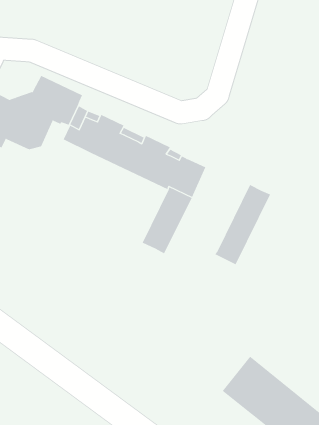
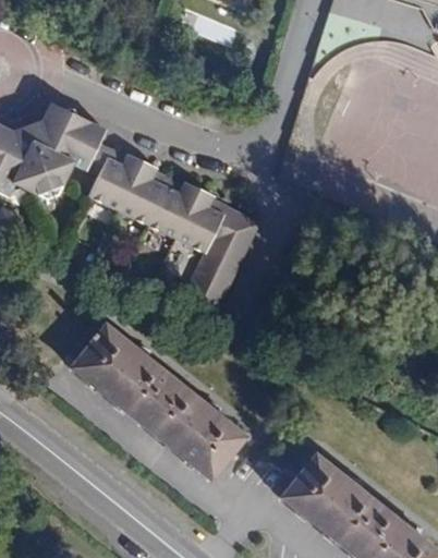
building: [215,184,271,265] -> none
building: none -> [72,327,245,482]

